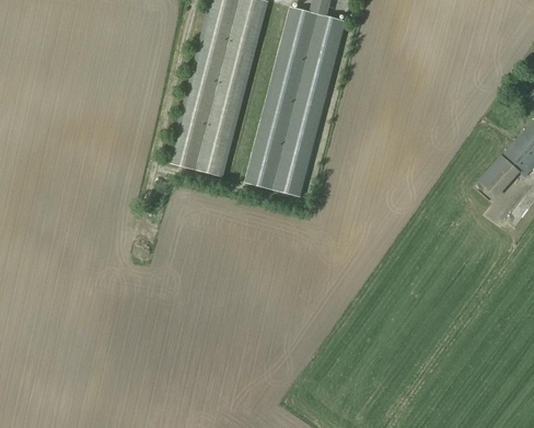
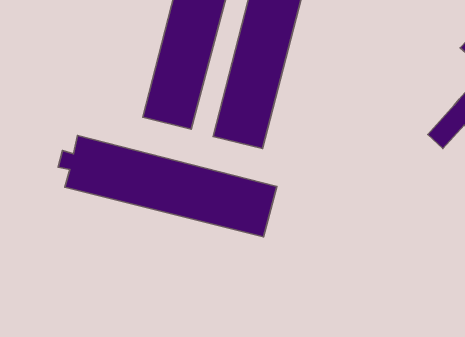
building: none -> [58,136,277,237]

